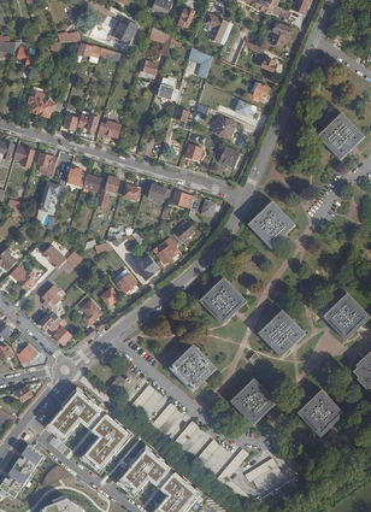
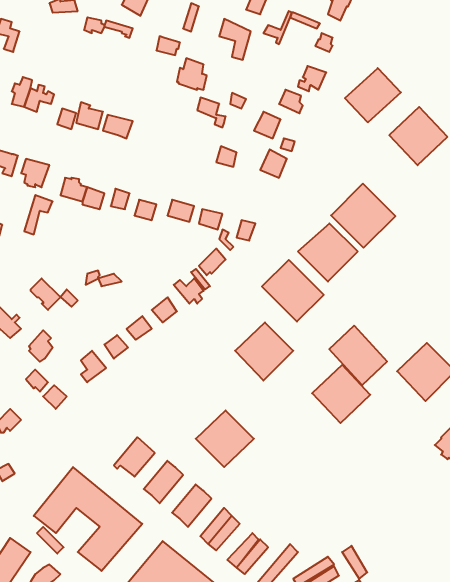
building: none -> [345,68,401,122]
building: none -> [331,184,395,248]
building: none -> [262,260,324,322]
building: none -> [329,326,387,385]
building: [231,378,276,423] -> none
building: [298,390,343,435] -> none

